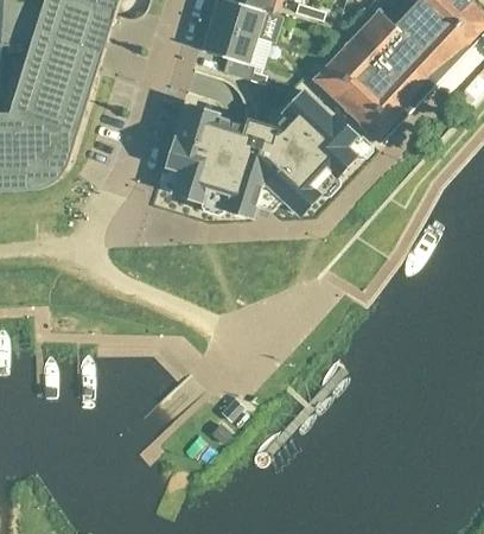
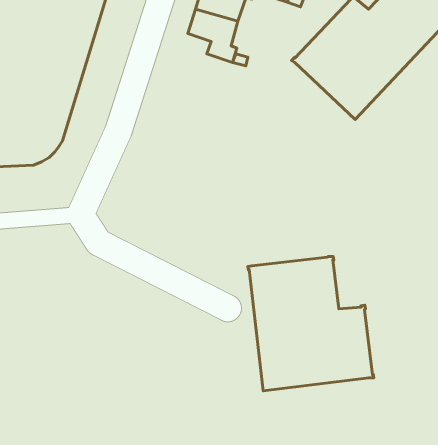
building: [168,91,354,214] -> none
building: none -> [248,256,374,391]

